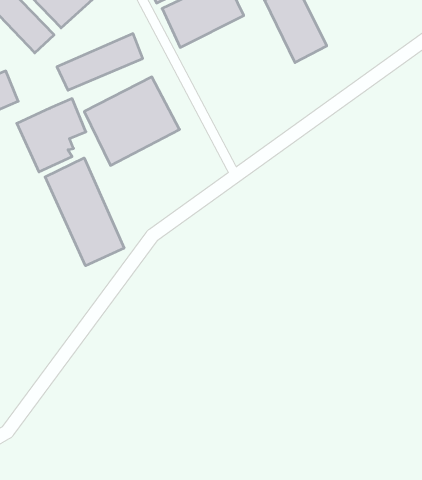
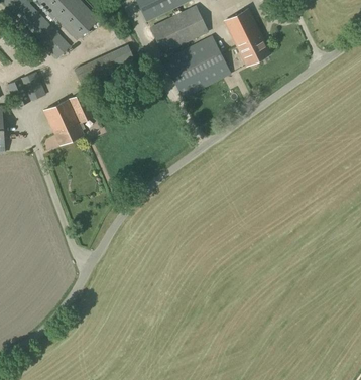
building: [84,77,180,165] -> [162,34,232,99]
building: [45,158,124,266] -> none

